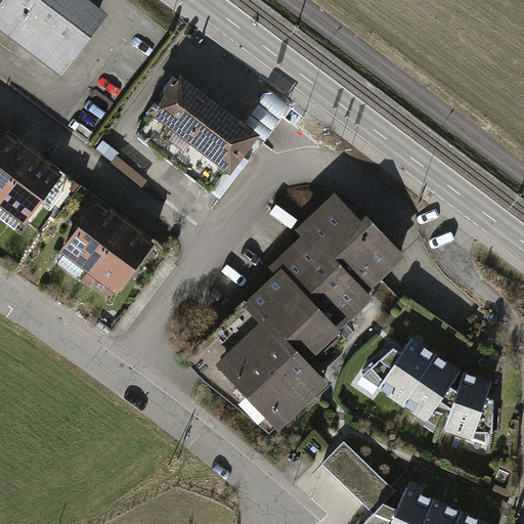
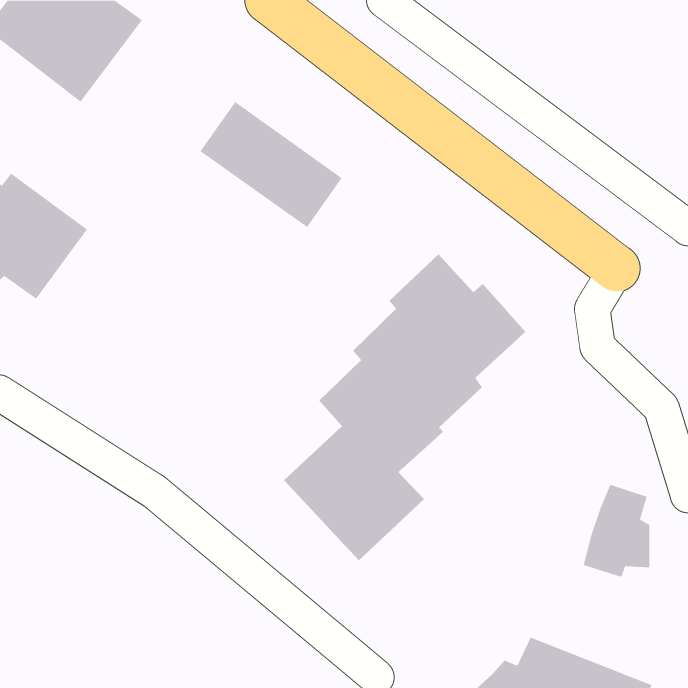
building: [60,204,158,298] -> none
building: [359,335,461,422] -> none
building: [320,439,395,512] -> none

